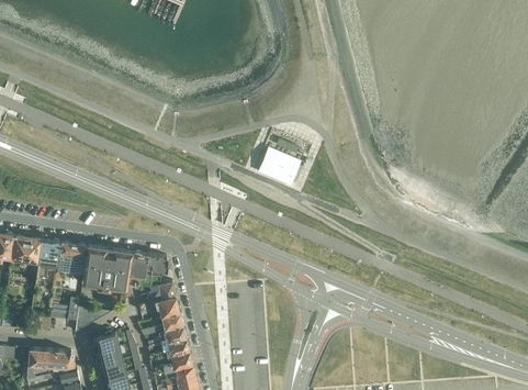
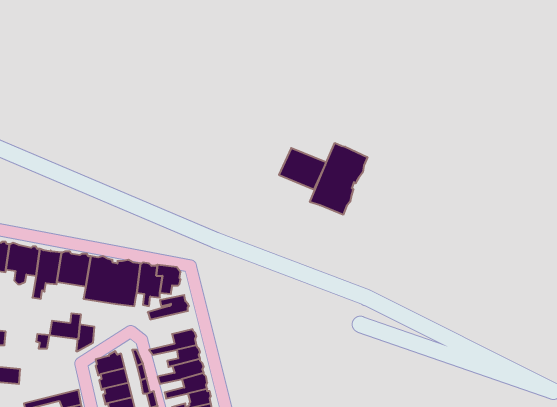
building: none -> [310,143,367,215]
building: [138,297,181,317] -> none
building: [29,349,76,369] -> none

